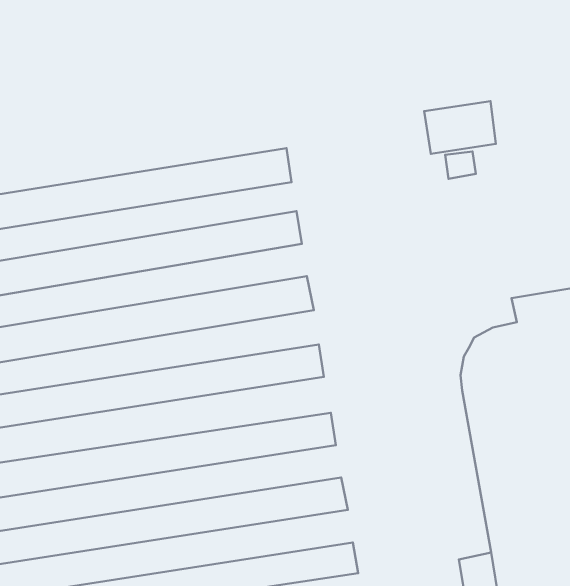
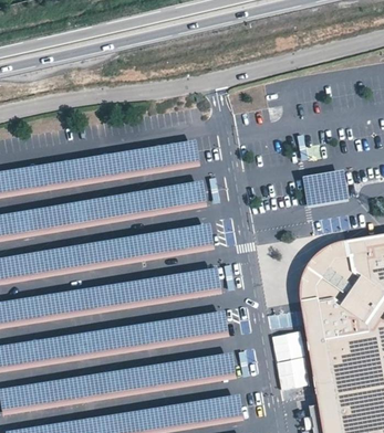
building: [424,101,496,154] -> [301,171,347,205]

